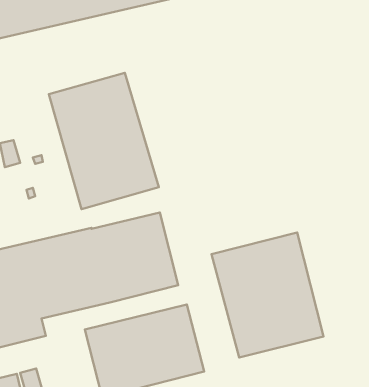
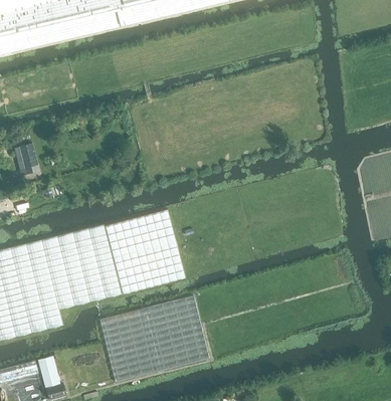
building: [49,73,159,209] -> none
building: [212,232,323,358] -> none

